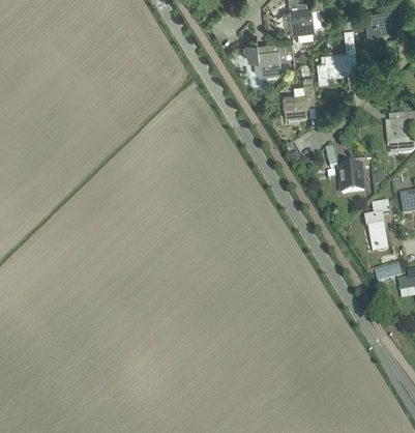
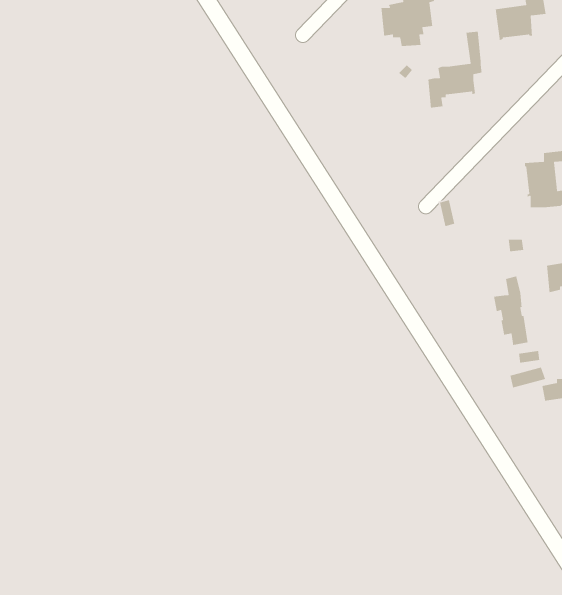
building: [243,37,292,76] -> none
building: [283,83,315,119] -> none
building: [338,160,367,193] -> none

